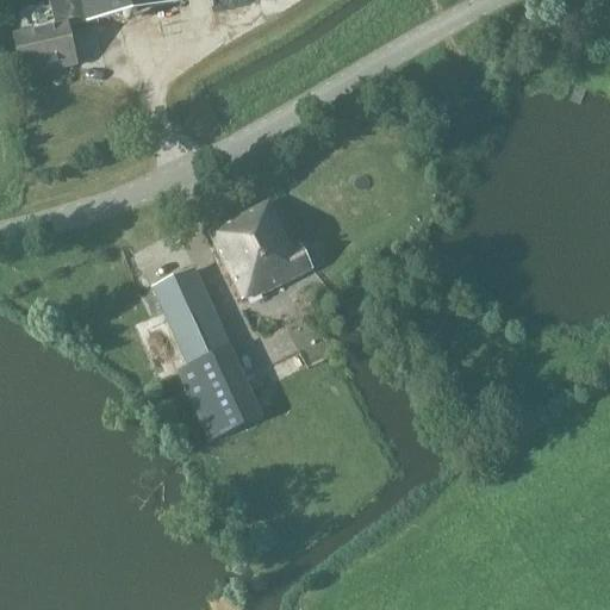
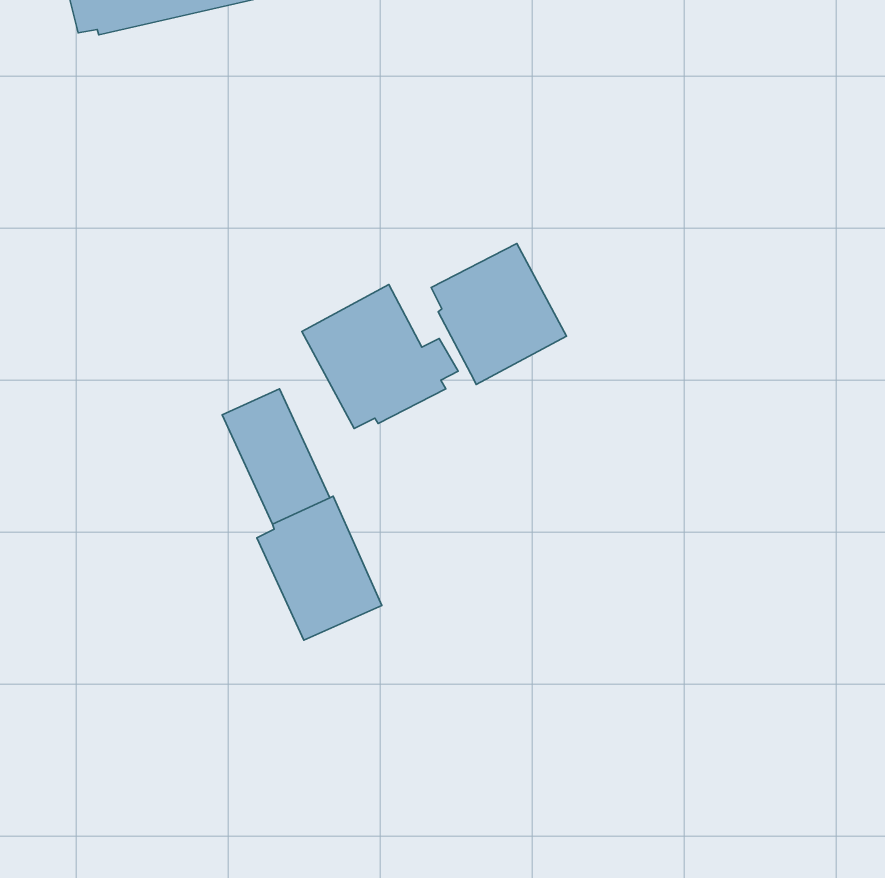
building: [13,20,80,75] -> none
building: none -> [431,243,567,384]

